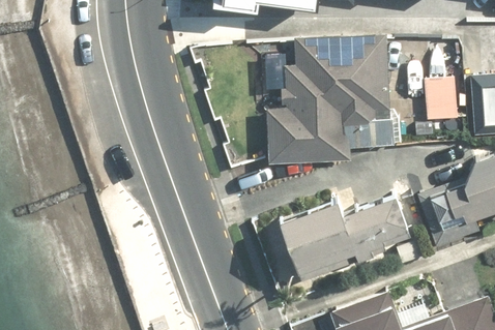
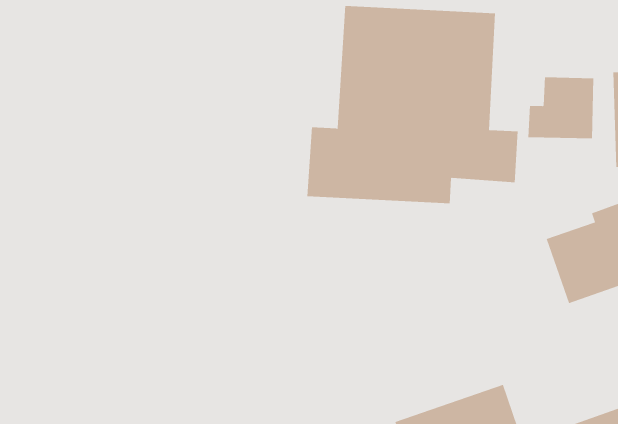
building: [268,200,404,281] -> none

